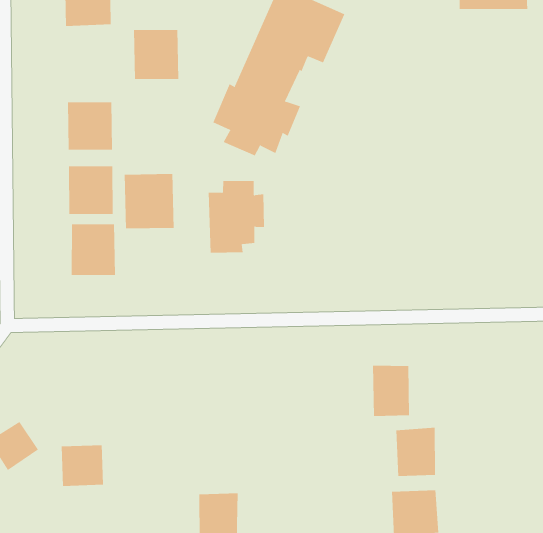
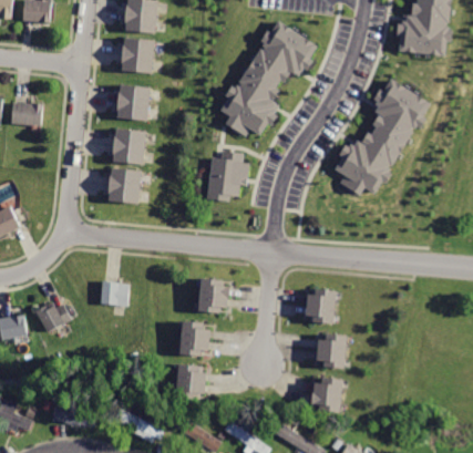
building: [133,29,179,79] -> [121,35,155,73]
building: none -> [331,78,430,194]
building: [124,173,174,229] -> none
building: none -> [197,276,232,311]
building: none -> [181,320,214,356]
building: [61,445,104,486] -> [101,279,132,309]

